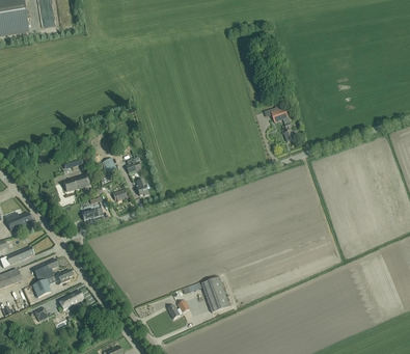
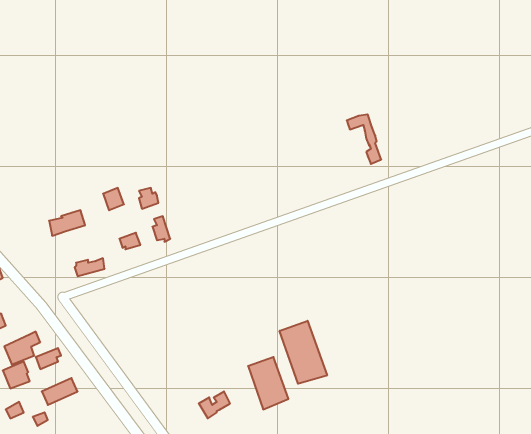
building: none -> [280,321,327,384]

